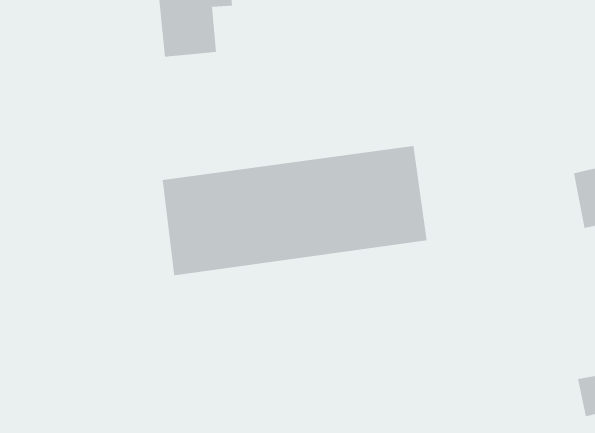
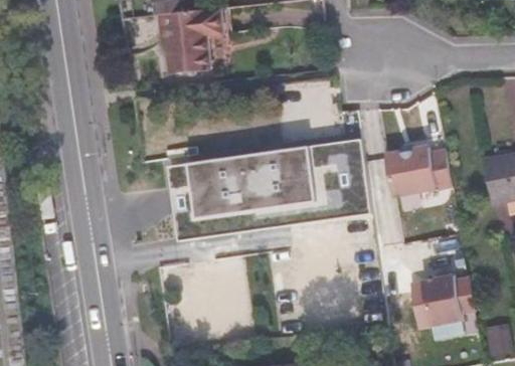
building: none -> [383,142,449,192]
building: none -> [410,273,475,328]

